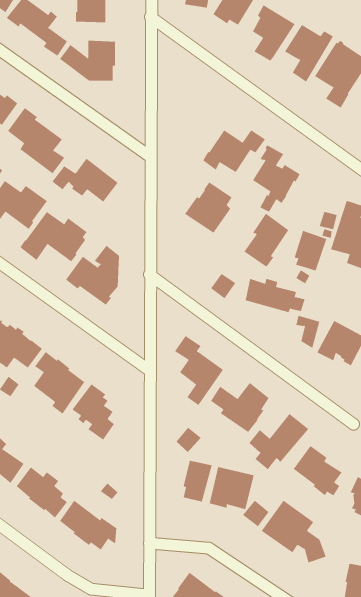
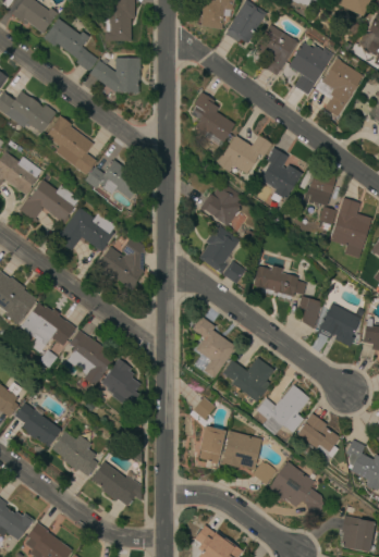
building: none -> [192,91,235,145]
building: [243,213,289,267] -> [199,224,240,272]
building: [294,230,327,271] -> [307,169,337,205]

